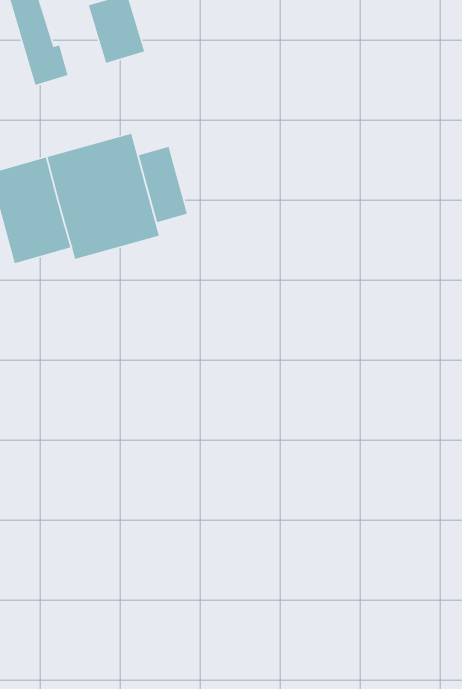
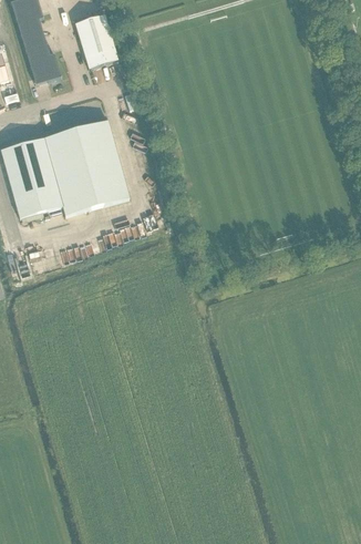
building: [138,146,188,223] -> none

